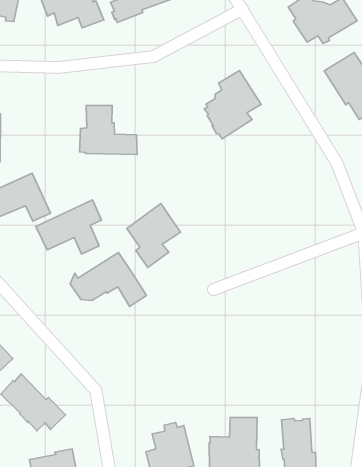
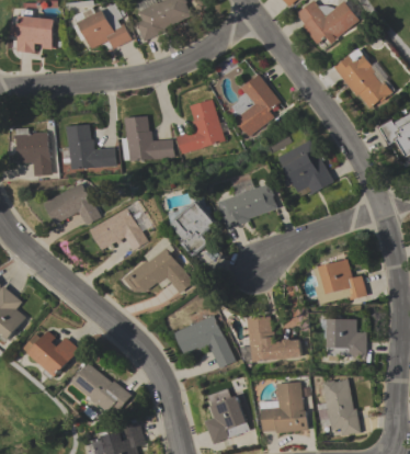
building: none -> [175,99,224,154]
building: none -> [61,124,115,169]
building: none -> [278,139,333,195]
building: none -> [221,183,277,228]
building: none -> [314,259,366,304]
building: none -> [174,315,235,367]
building: none -> [239,316,300,361]
building: none -> [327,318,366,361]

